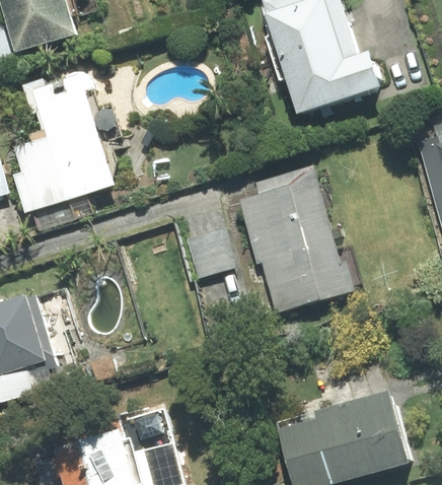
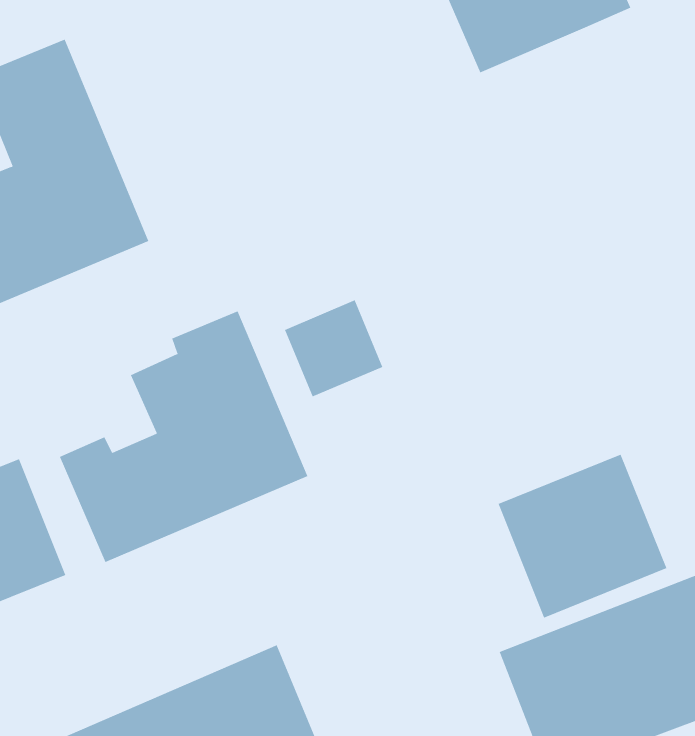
building: [236,165,353,313] -> none
building: none -> [59,310,308,563]
building: none -> [498,454,667,618]

